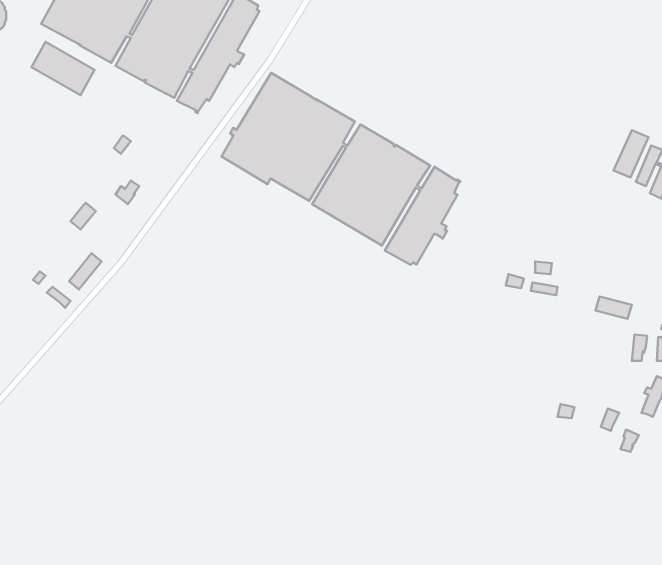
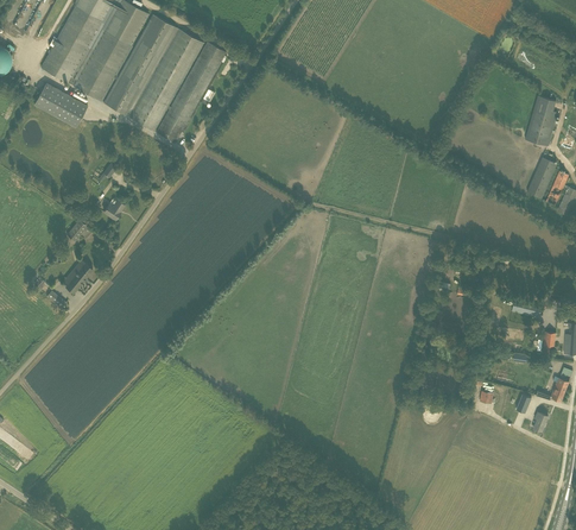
building: none -> [524,95,557,146]
building: [221,73,460,265] -> none

